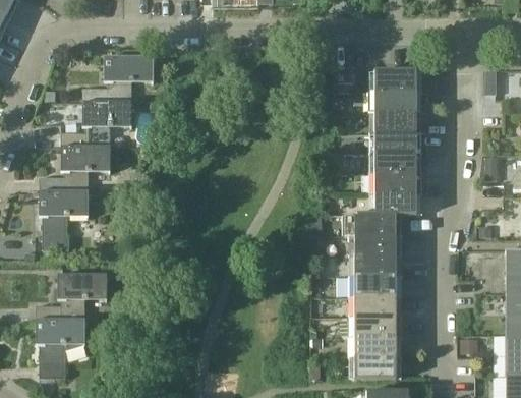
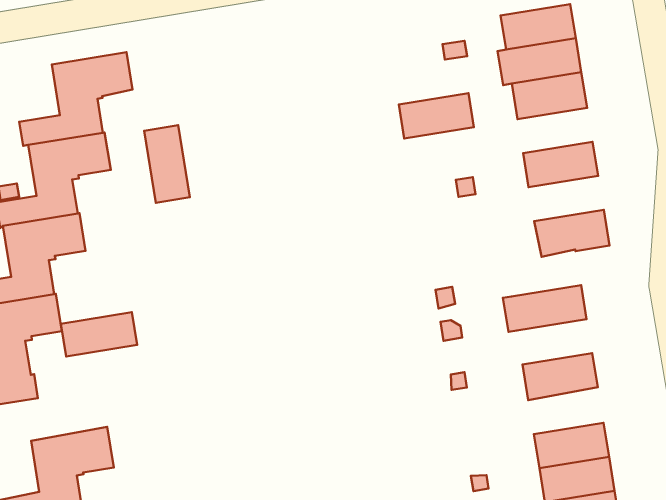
building: none -> [144,125,190,203]
building: [374,133,416,154] -> [399,93,474,139]
building: [374,174,416,194] -> none
building: none -> [61,312,137,356]
building: [344,215,396,236] -> none
building: [354,257,396,277] -> none
building: [354,297,396,319] -> none

